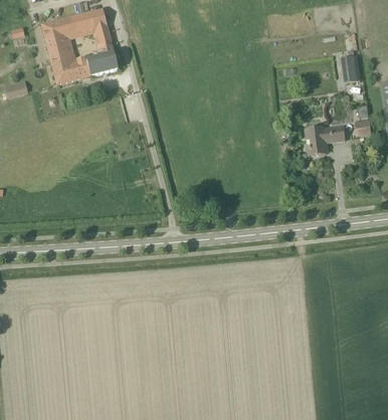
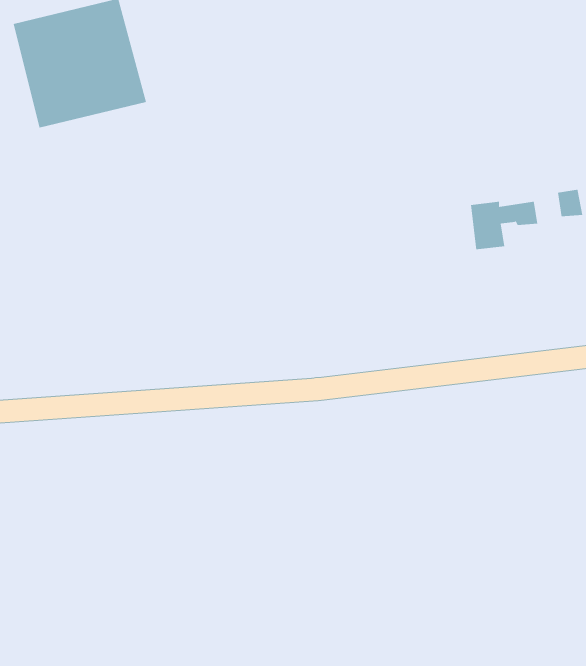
building: [341,54,360,81] -> none

